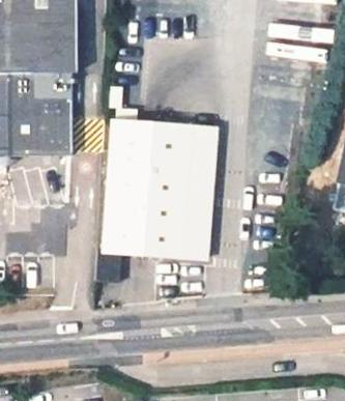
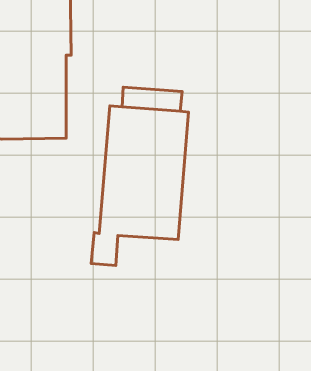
building: [182,127,215,256] -> none

